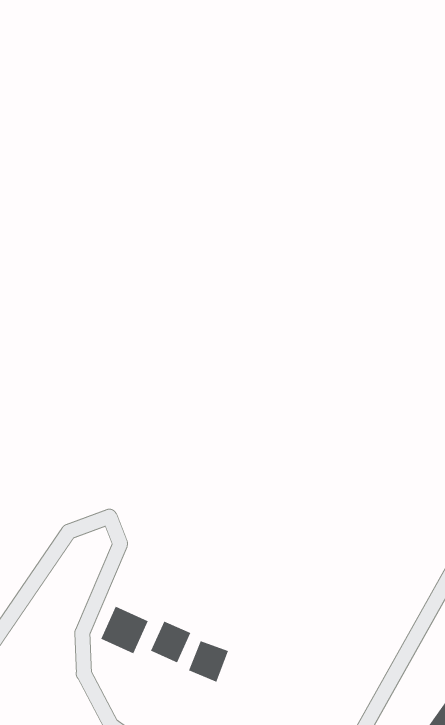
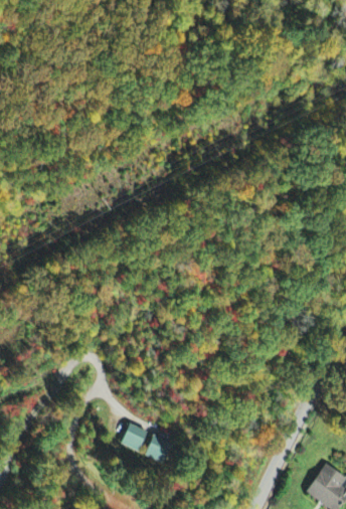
building: [101,606,149,654] -> none

